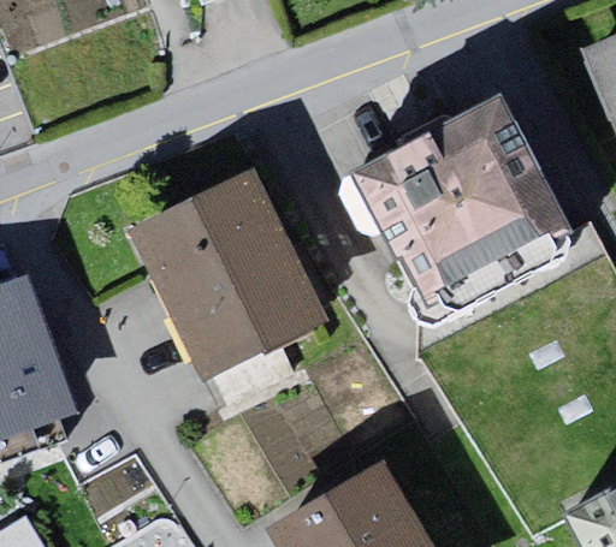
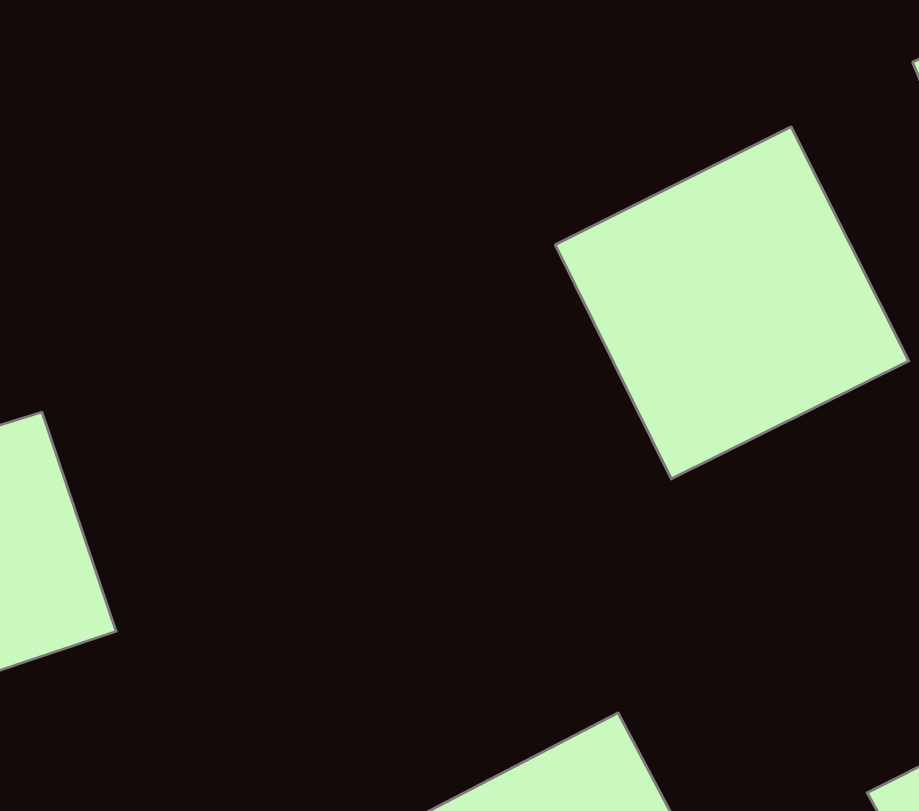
building: [128,180,320,377] -> none

